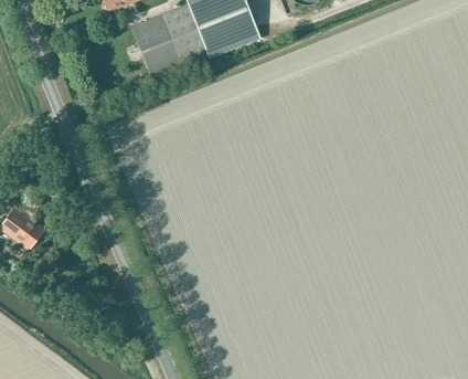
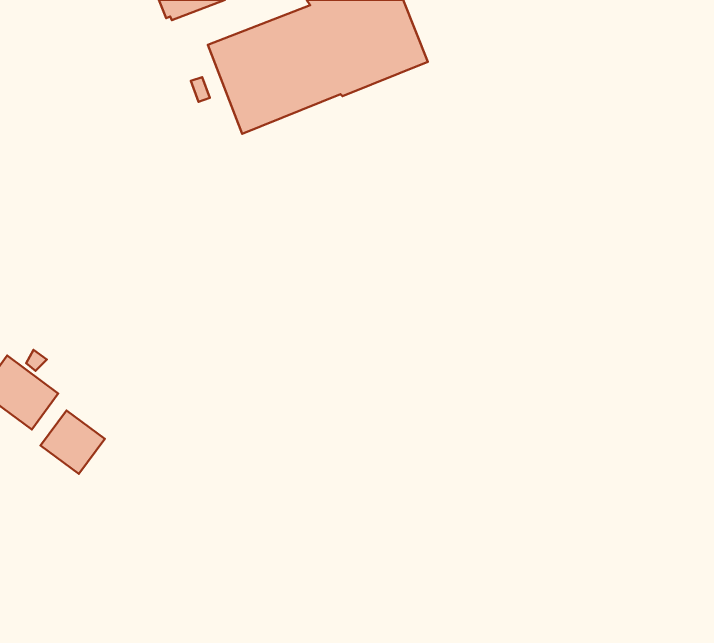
building: none -> [40,410,105,474]

